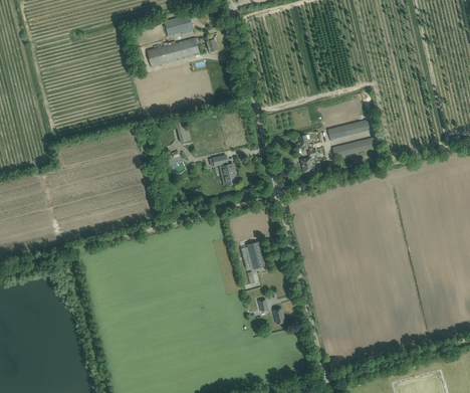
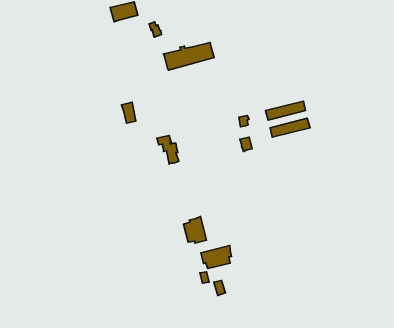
building: [147,38,200,67] -> [164,42,214,70]
building: none -> [201,245,231,268]

